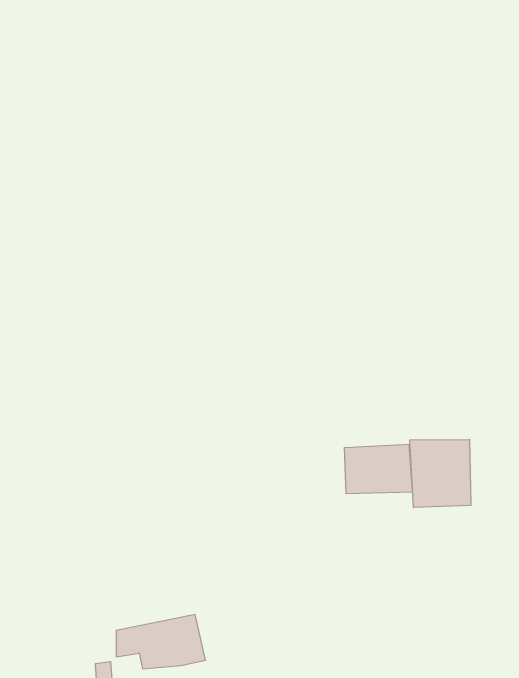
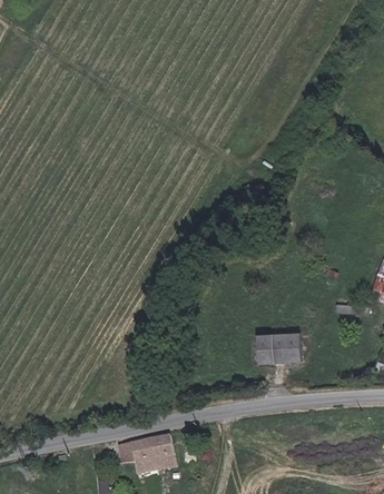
building: [410,439,471,508] -> none

